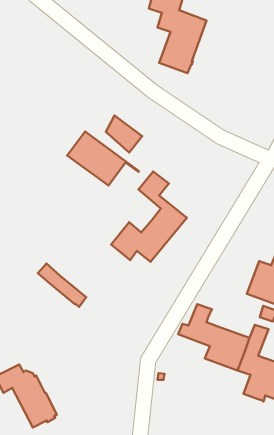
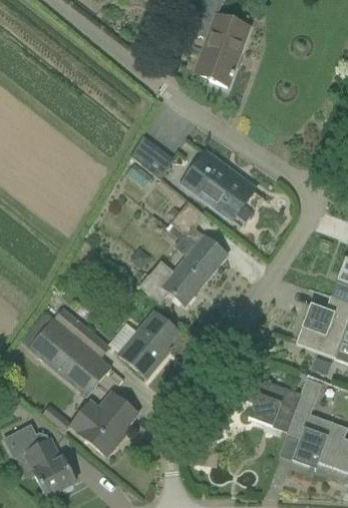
building: [67,131,139,186] -> [185,153,268,216]
building: none -> [119,310,180,377]
building: none -> [30,321,110,395]
building: none -> [52,392,138,455]

